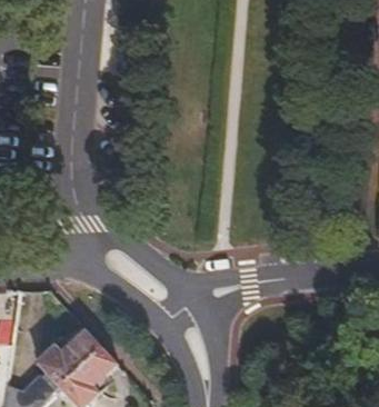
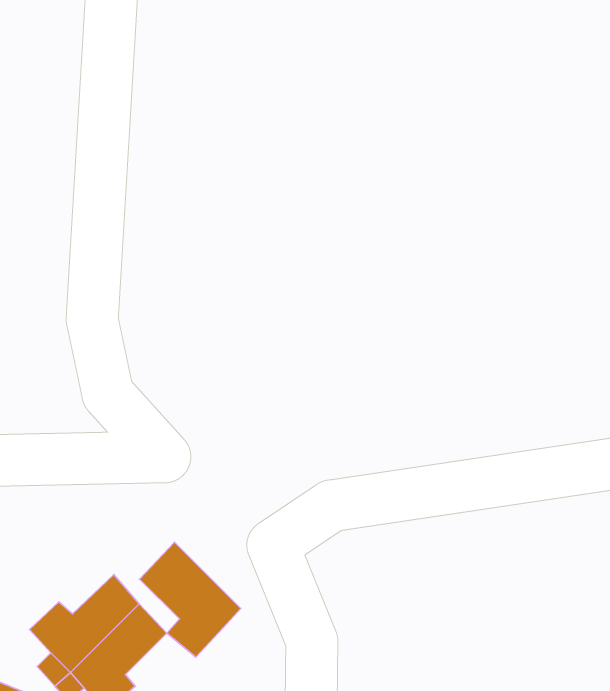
building: none -> [140,542,241,657]

